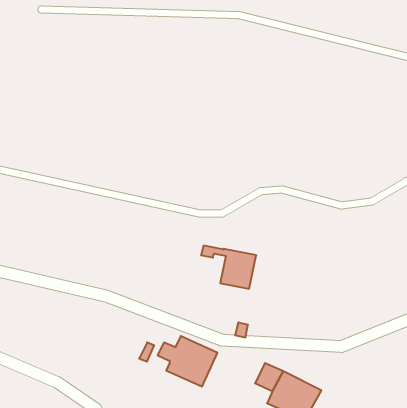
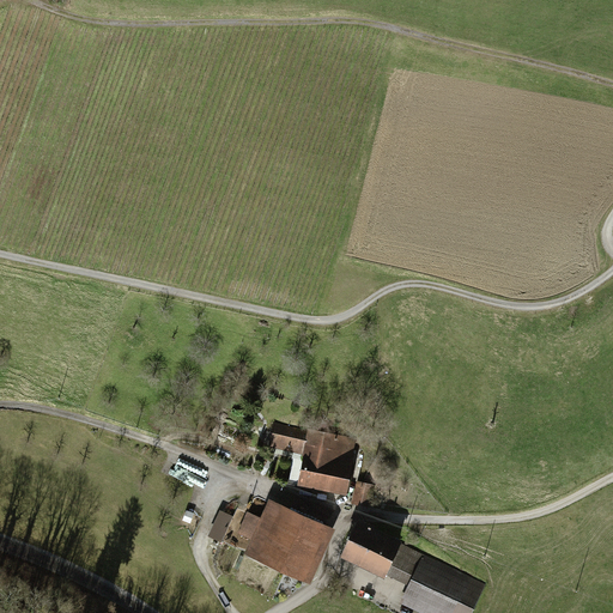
building: [201,246,256,289] -> [271,427,353,492]
building: none -> [342,526,396,576]

